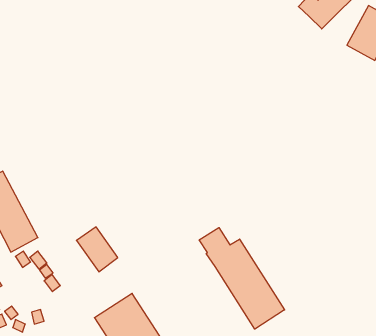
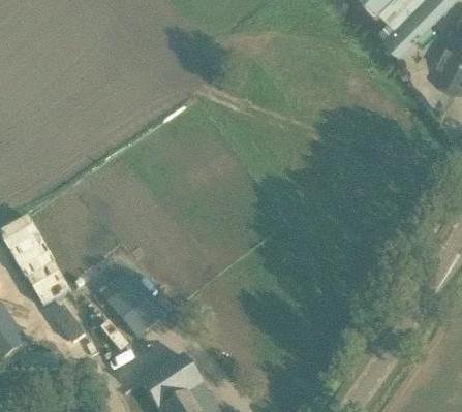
building: [199,228,285,329] -> none

